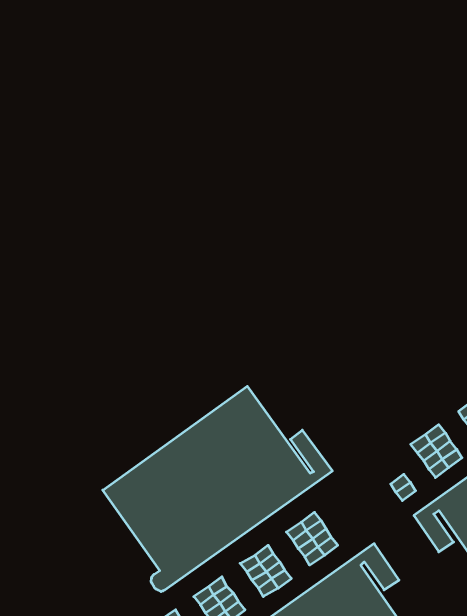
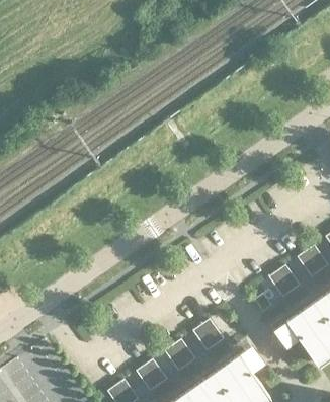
building: [103,386,332,592] -> none

